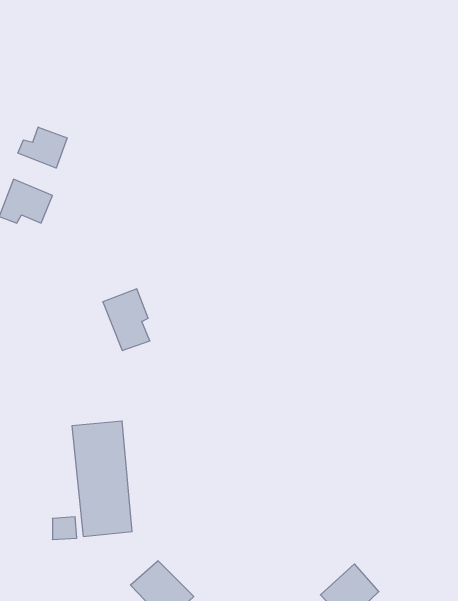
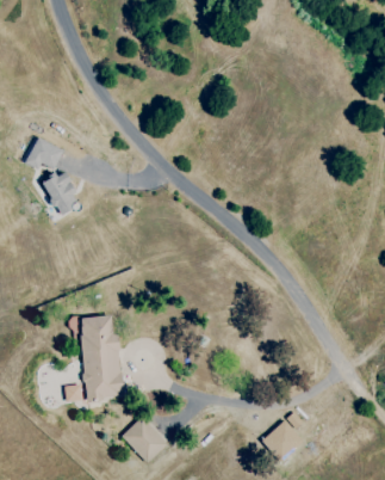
building: [18,127,67,168] -> none
building: [103,289,150,351] -> [45,171,80,216]

